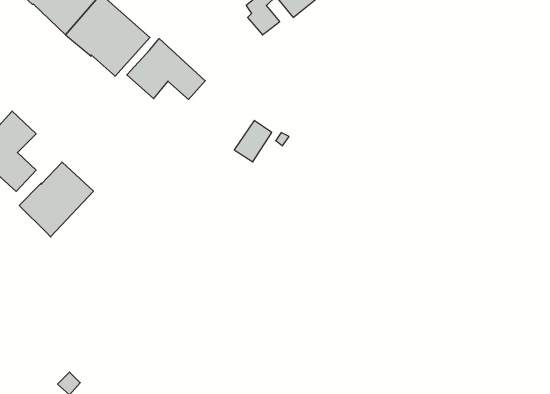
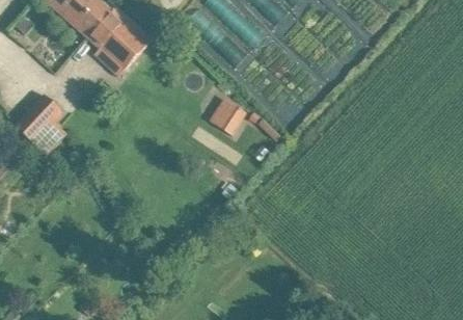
building: [127,39,205,99] -> none
building: [19,162,93,237] -> none

